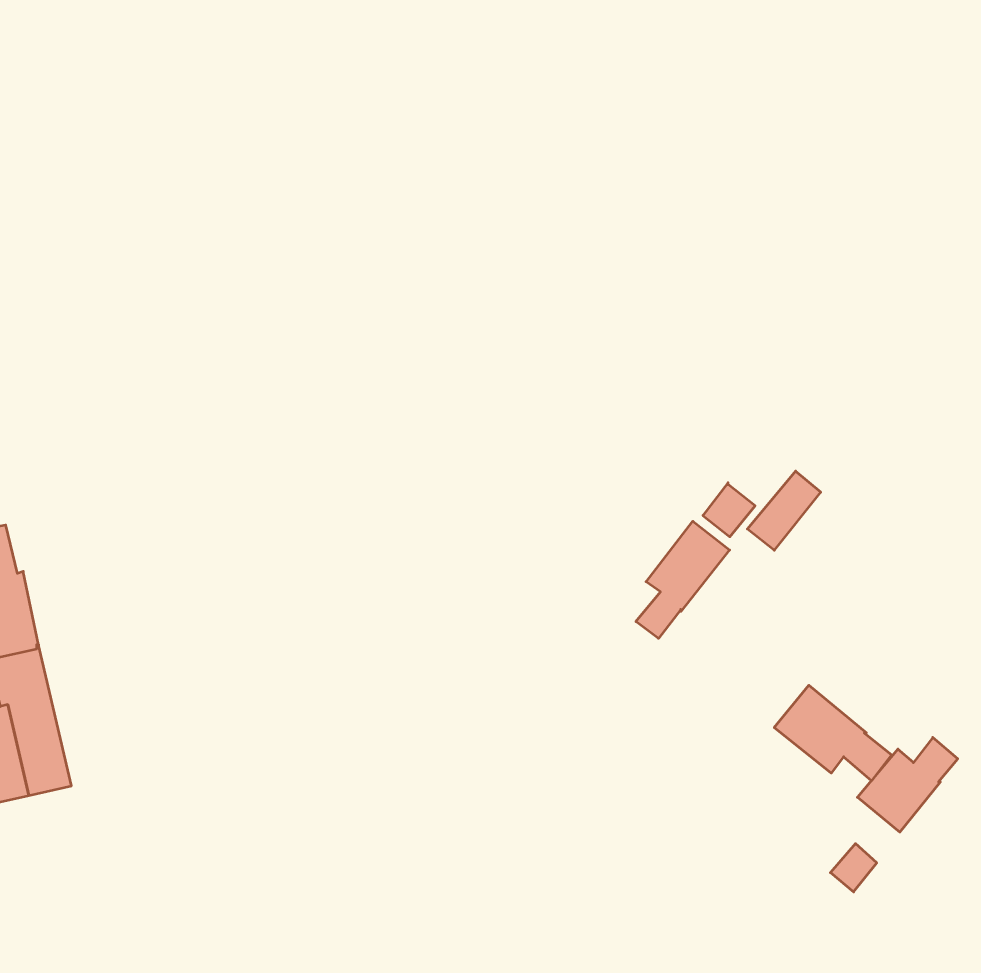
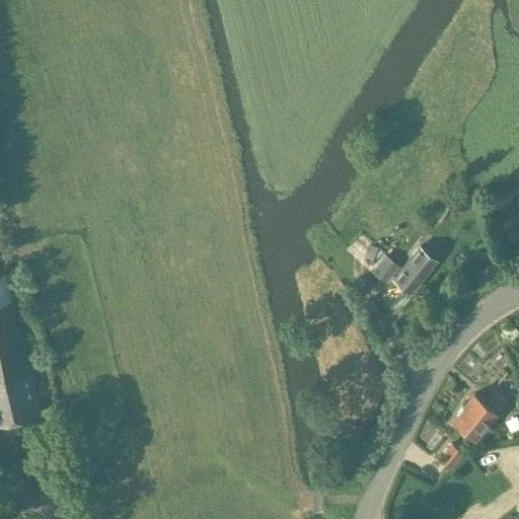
building: [636,521,730,638] -> none
building: [774,685,892,781] -> none

